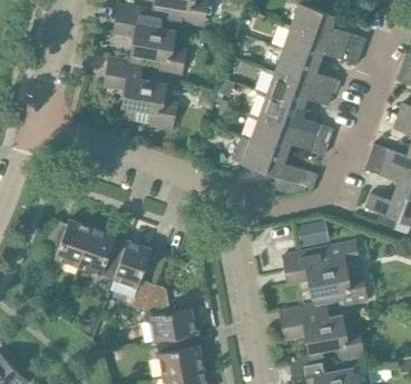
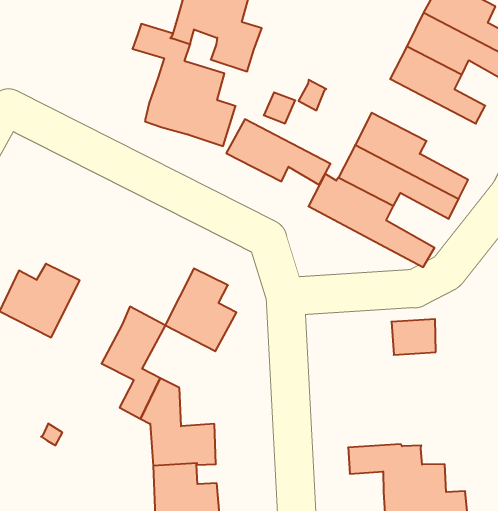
building: [265,71,333,108] -> [226,119,331,185]
building: [79,228,124,279] -> [165,268,236,351]
building: [282,242,368,307] -> none

